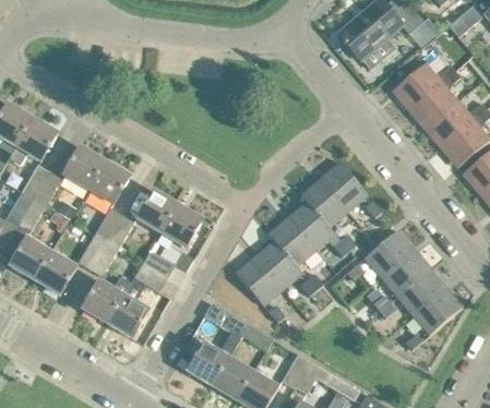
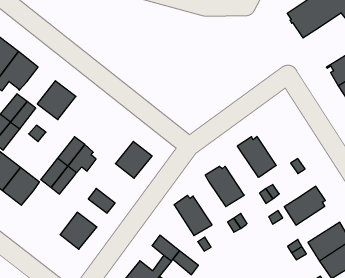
building: [88,160,130,205] -> none
building: [322,160,368,211] -> none
building: [135,188,179,232] -> none
building: [289,201,335,250] -> none
building: [256,240,302,289] -> none
building: [143,249,193,278] -> none
building: [380,251,430,296] -> none
building: [82,276,131,323] -> none

